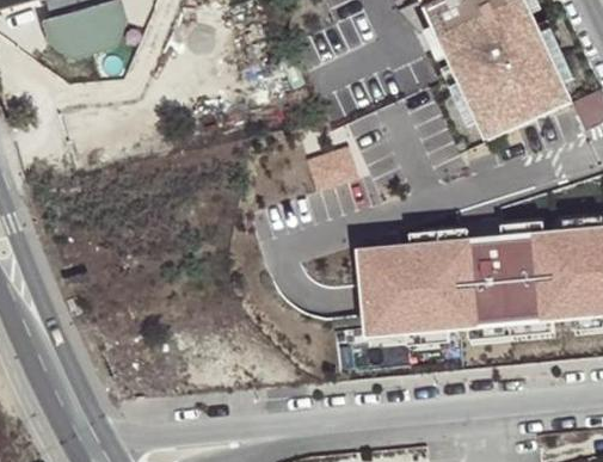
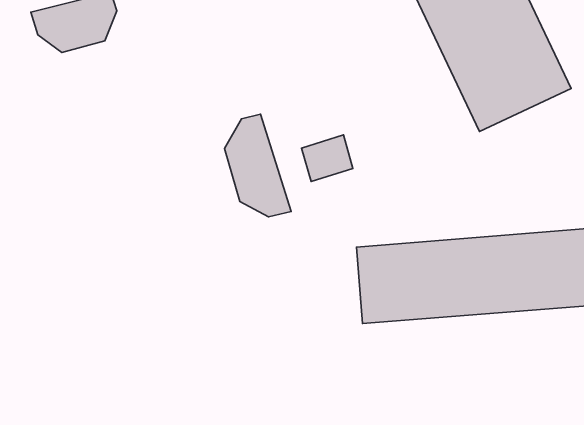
building: none -> [224,114,291,217]

